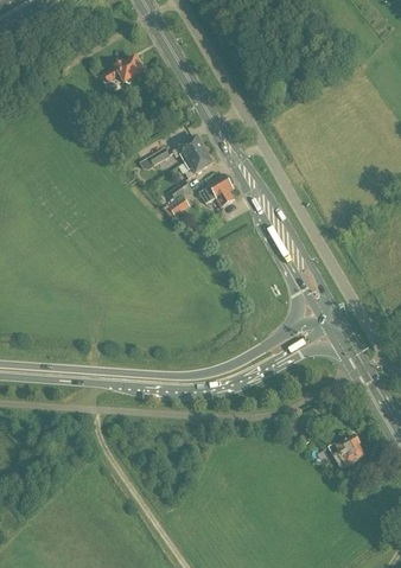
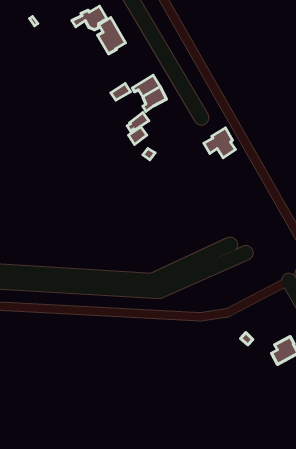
building: none -> [97,18,126,54]
building: [199,173,236,208] -> [204,128,236,158]

